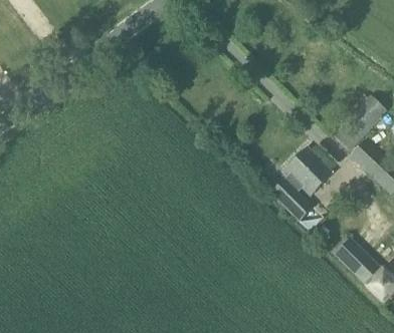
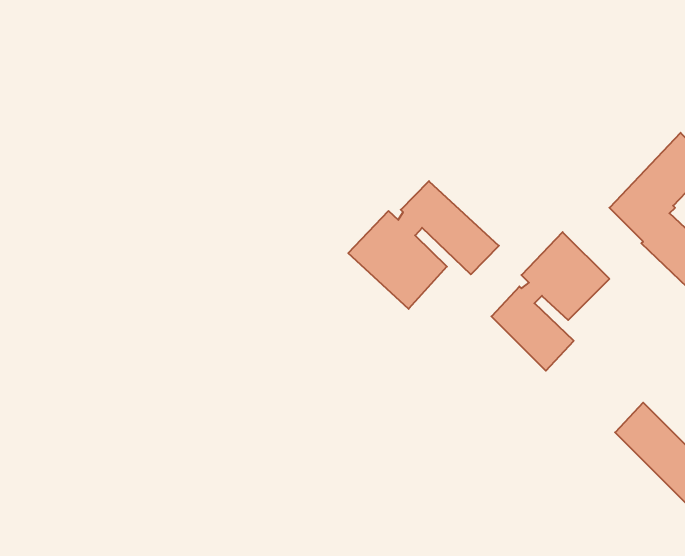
building: none -> [348,181,499,309]

